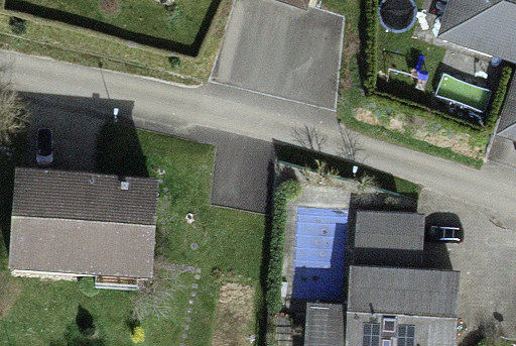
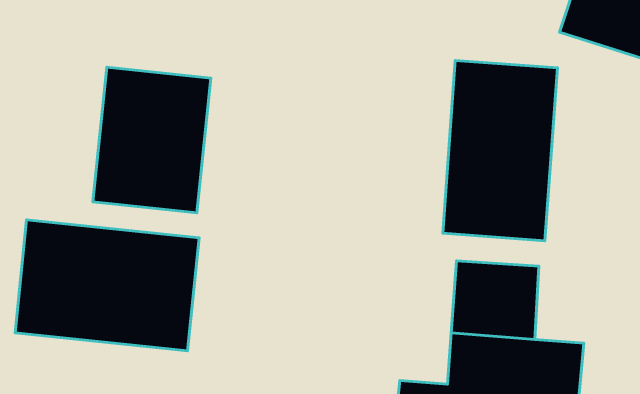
building: none -> [443,60,557,241]
building: none -> [93,67,211,213]

